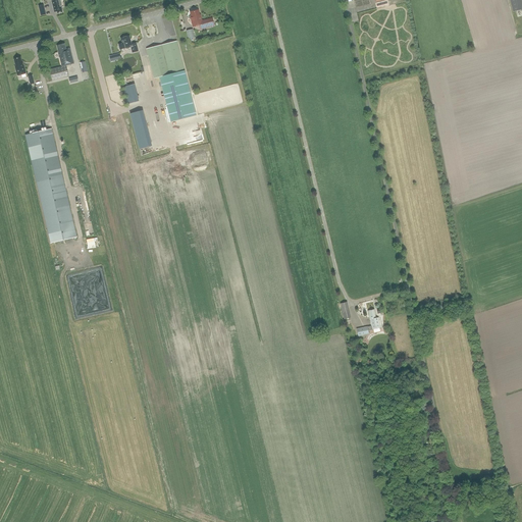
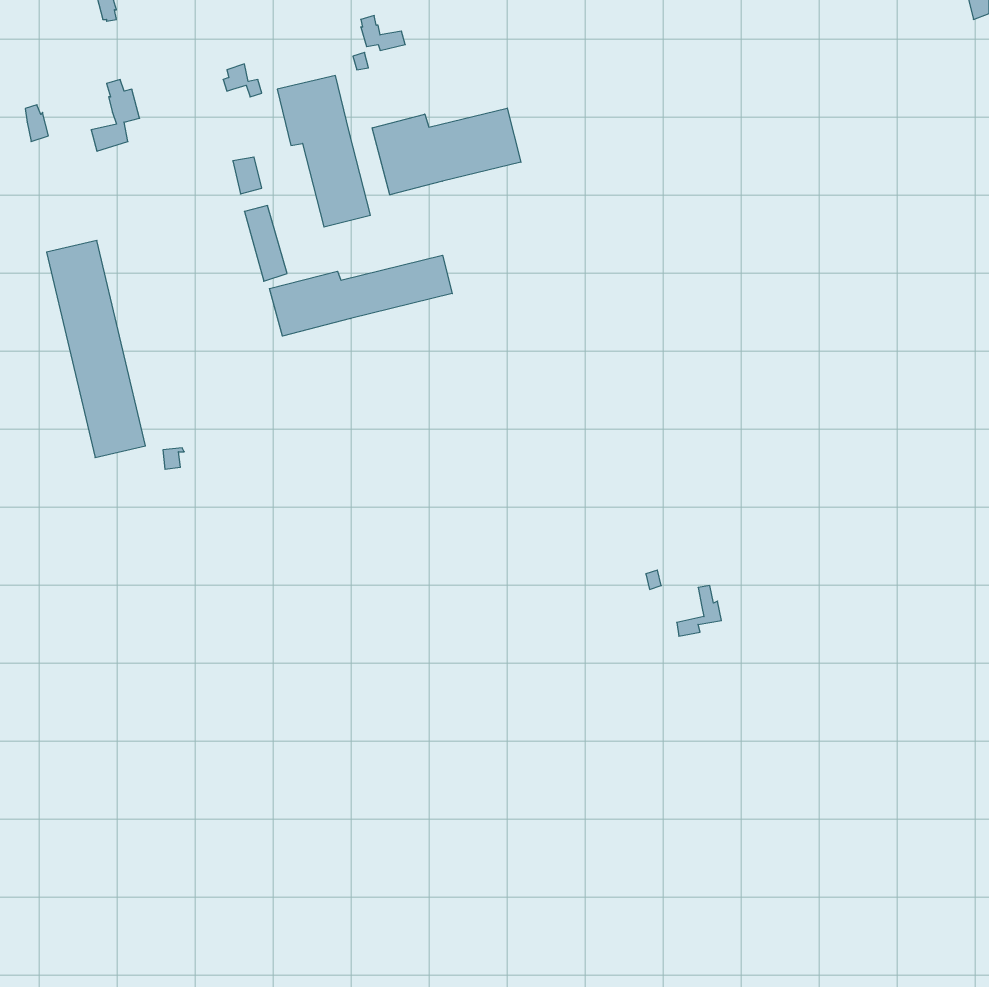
building: none -> [372,108,521,195]
building: none -> [269,255,452,336]

